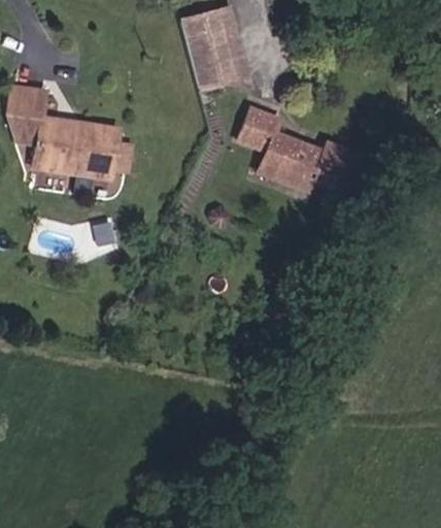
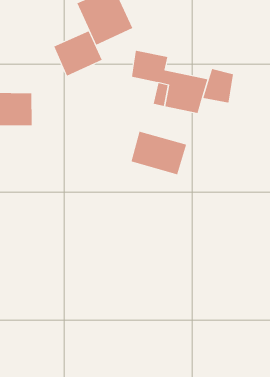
building: none -> [54,31,102,76]
building: none -> [131,131,187,175]

